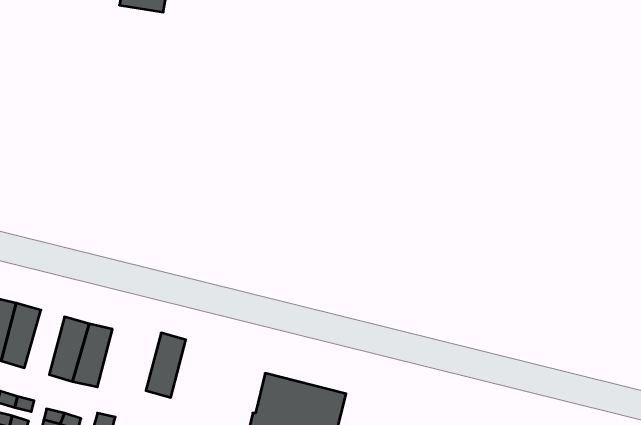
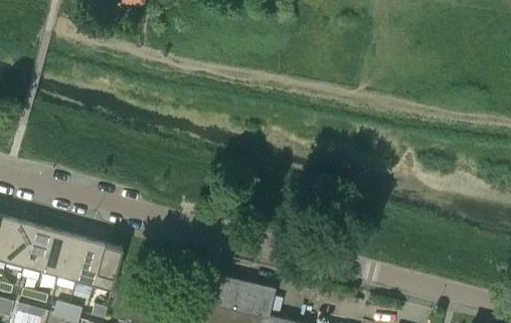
building: none -> [41,228,70,276]
building: [146,333,186,397] -> [95,243,124,290]

